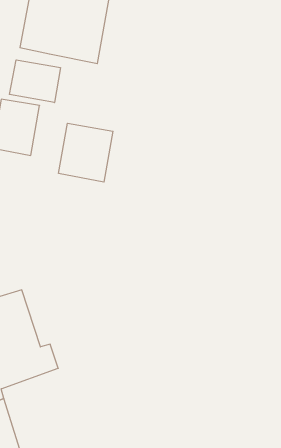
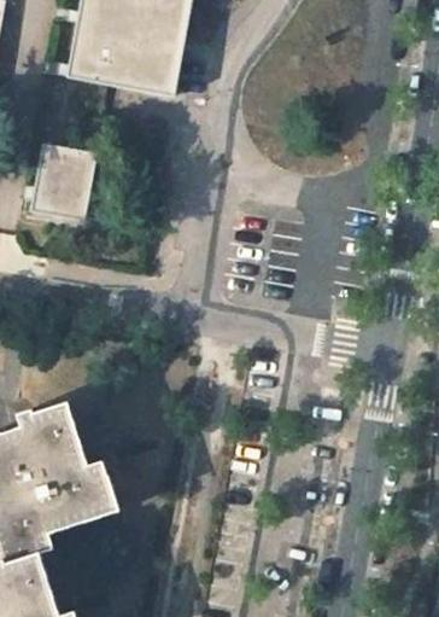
building: [9,60,60,103] -> none
building: [59,123,113,182] -> none

